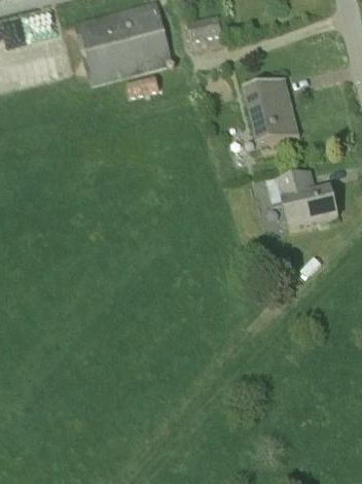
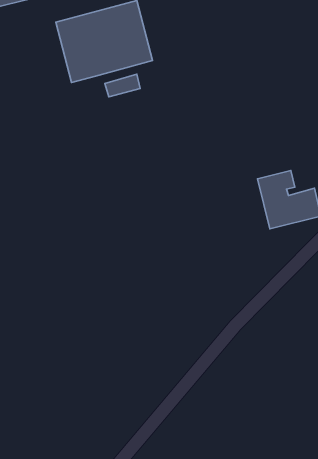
building: [188,16,223,41] -> none
building: [245,78,301,145] -> none

